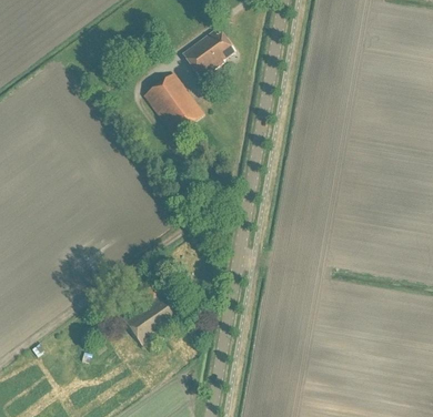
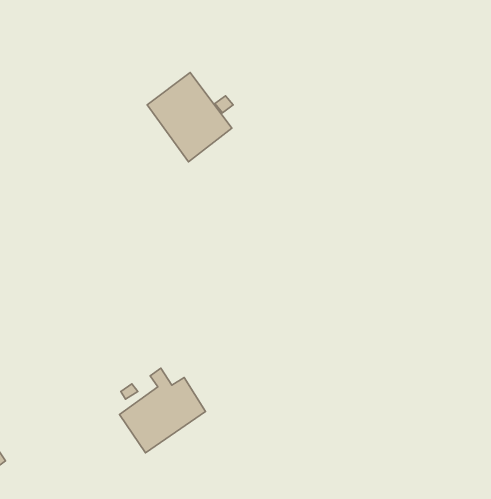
building: [182,29,234,78] -> none

